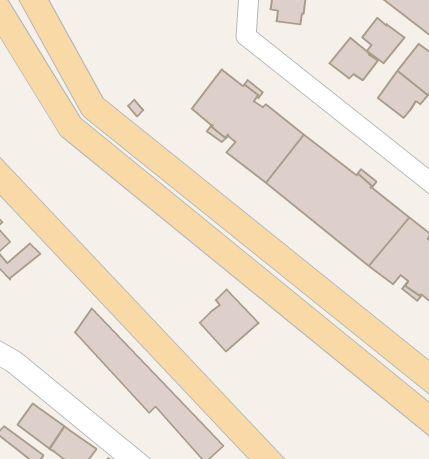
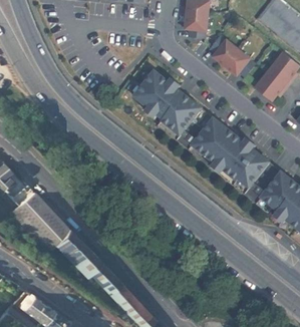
building: [362,18,405,63] -> [210,34,238,64]
building: none -> [12,191,66,243]
building: [200,289,259,351] -> none

